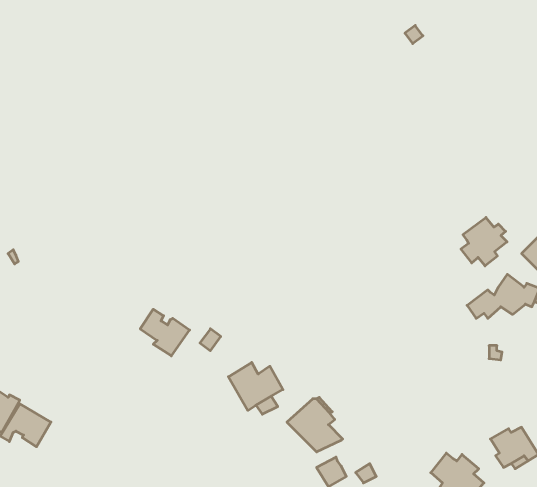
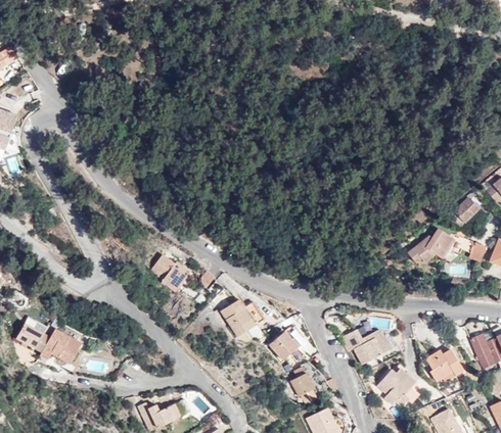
building: [461,217,507,266] -> none
building: none -> [349,327,395,363]

